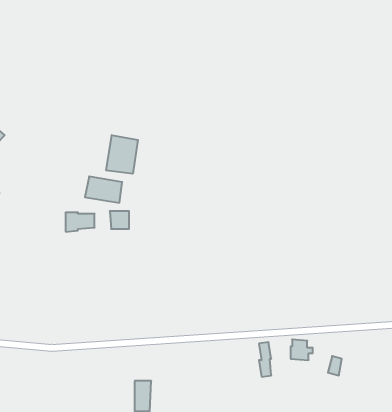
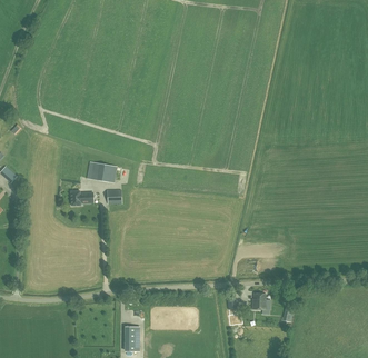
building: [106,135,138,174] -> none

